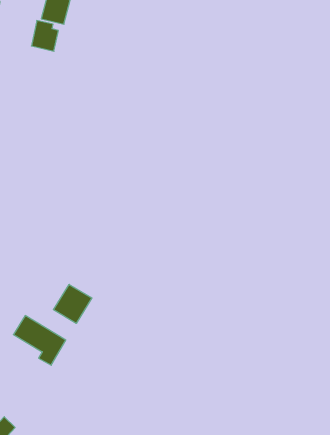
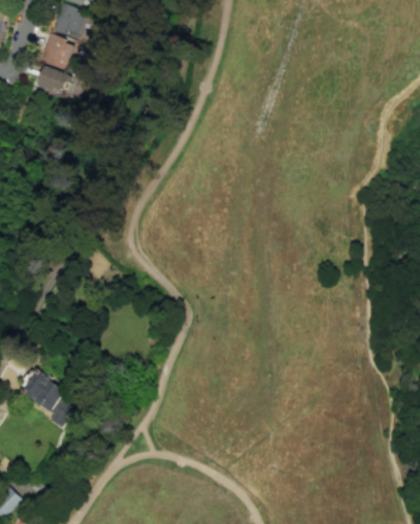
building: none -> [35,65,68,94]
building: [53,284,92,323] -> none

